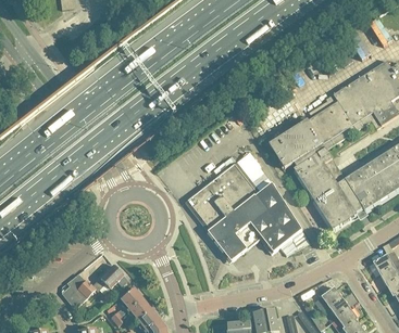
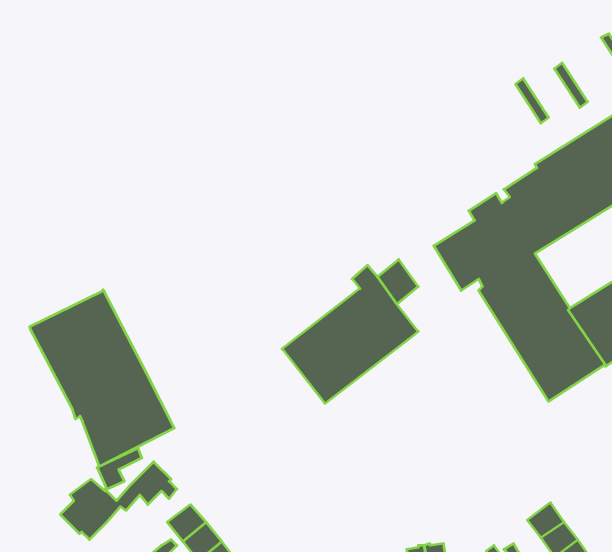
building: none -> [30,290,174,466]
building: [209,182,311,260] -> none

